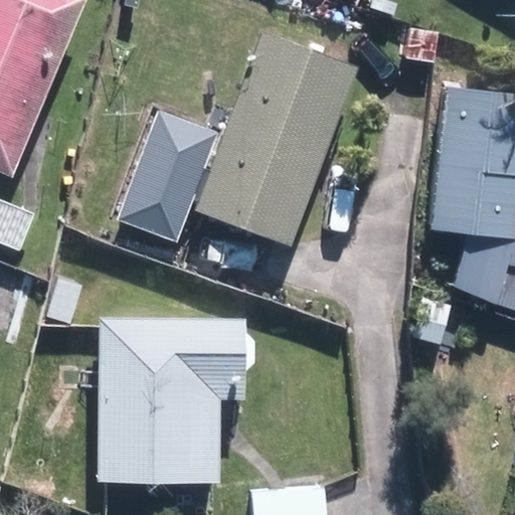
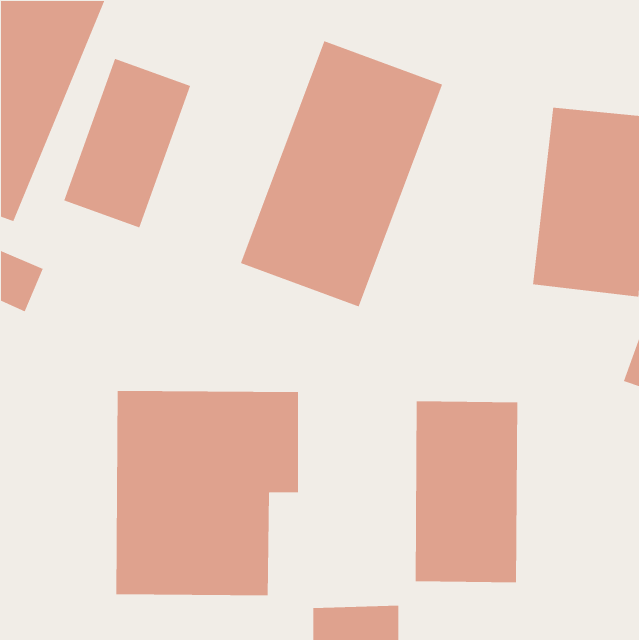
building: [116,107,218,243] -> [63,58,191,228]
building: none -> [415,400,518,583]

